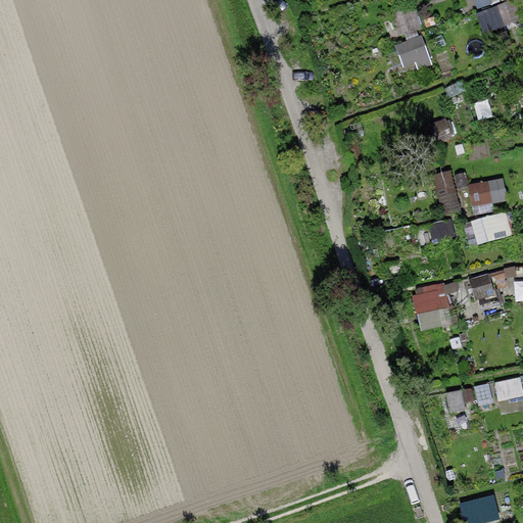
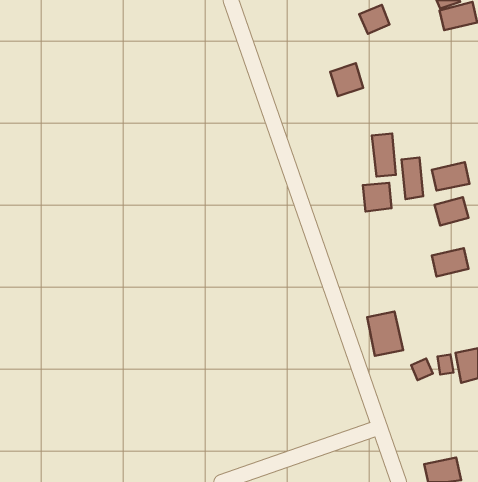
building: [394,35,430,70] -> [330,63,363,96]
building: none -> [372,133,396,177]
building: none -> [363,183,392,211]
building: [412,283,450,331] -> [367,311,403,356]

